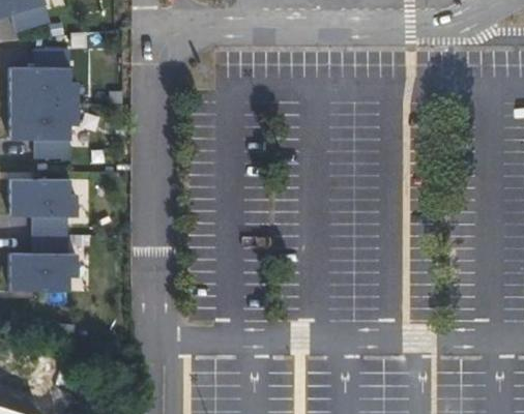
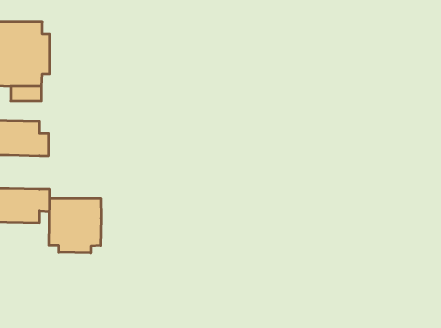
building: [31,211,65,249] -> none
building: none -> [49,198,101,253]

